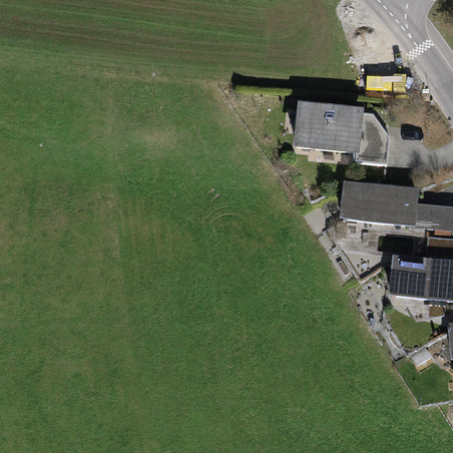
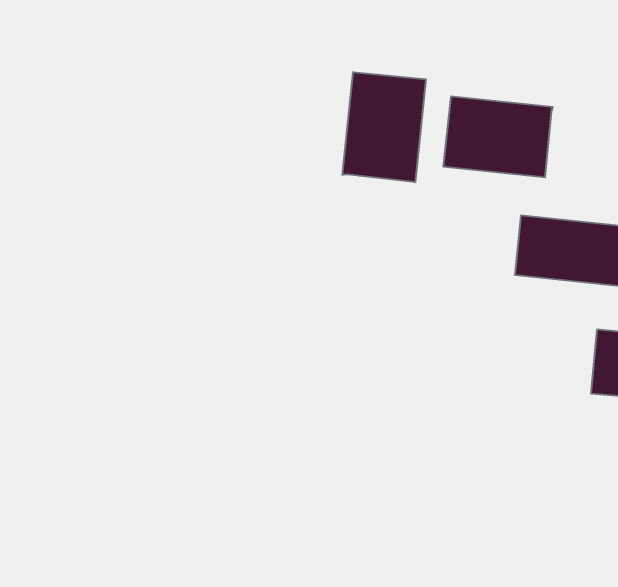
building: none -> [342,72,426,182]
building: [360,112,389,163] -> none

